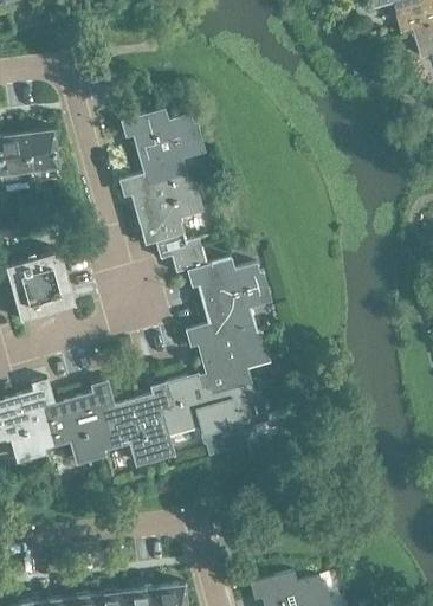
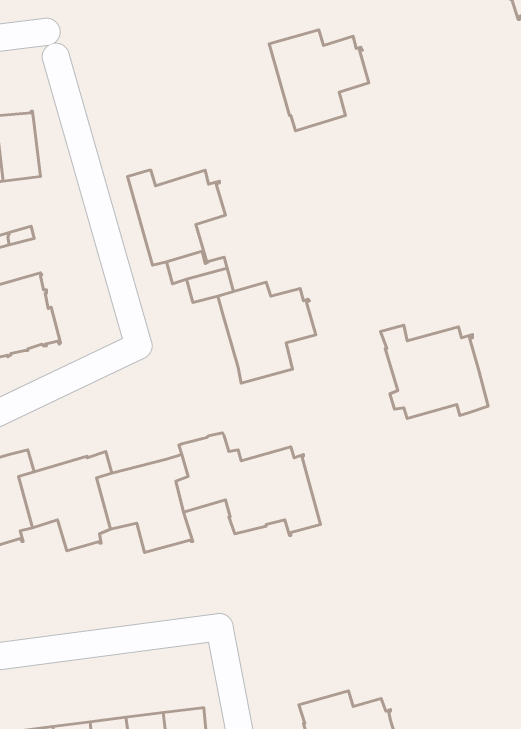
building: [127,109,202,186] -> [269,30,369,131]
building: [192,324,273,395] -> [381,325,488,419]

